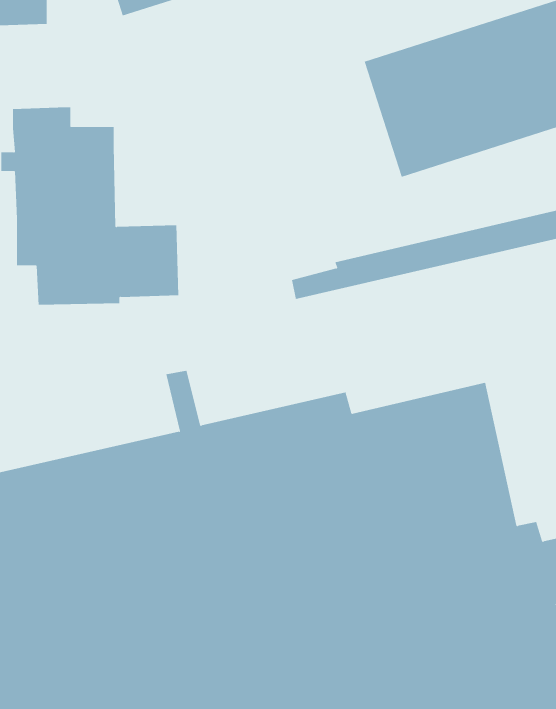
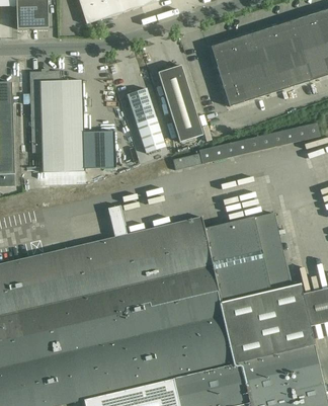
building: none -> [158,65,202,142]
building: none -> [127,88,165,153]

